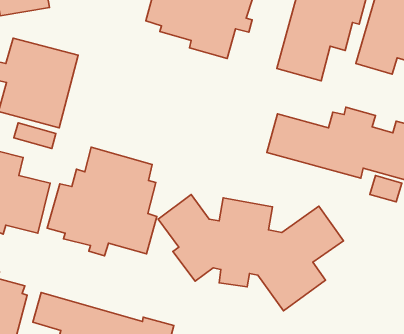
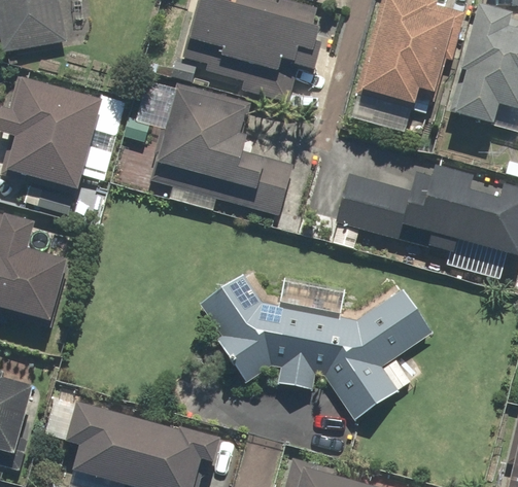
building: none -> [119,81,303,214]
building: [47,147,157,256] -> none

